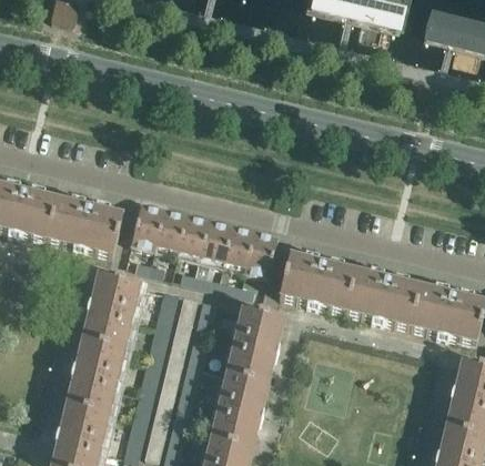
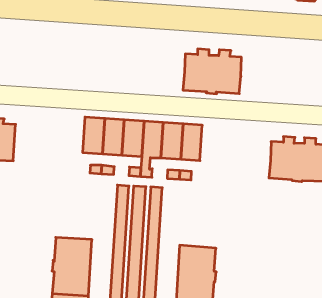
building: [47,195,122,257] -> none
building: [279,252,354,313] -> [183,49,241,94]
building: [81,275,140,350] -> none
building: [225,310,283,385] -> none

